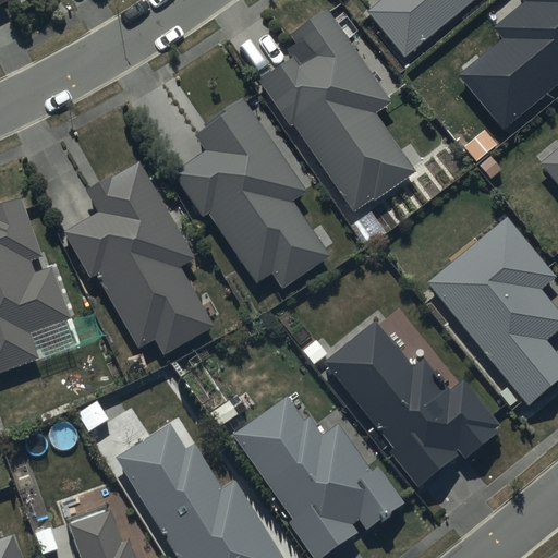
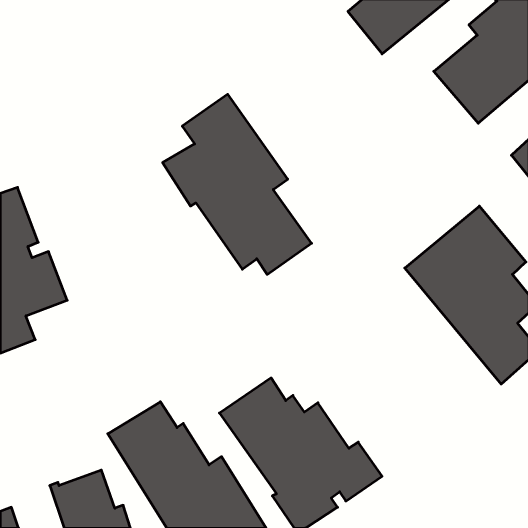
building: [258,9,415,211] -> none
building: [63,162,214,356] -> none
building: [325,322,496,487] -> none

